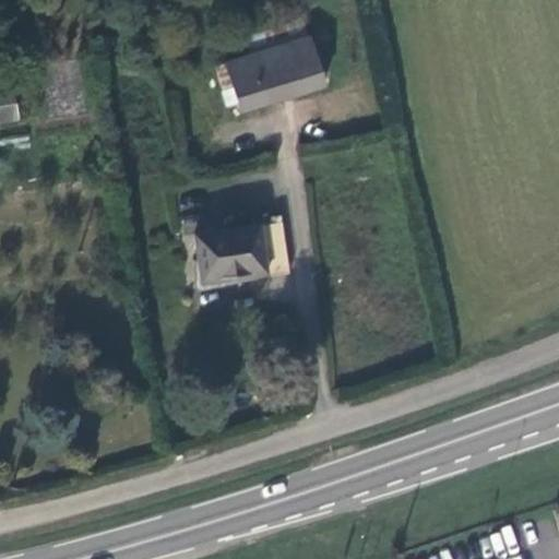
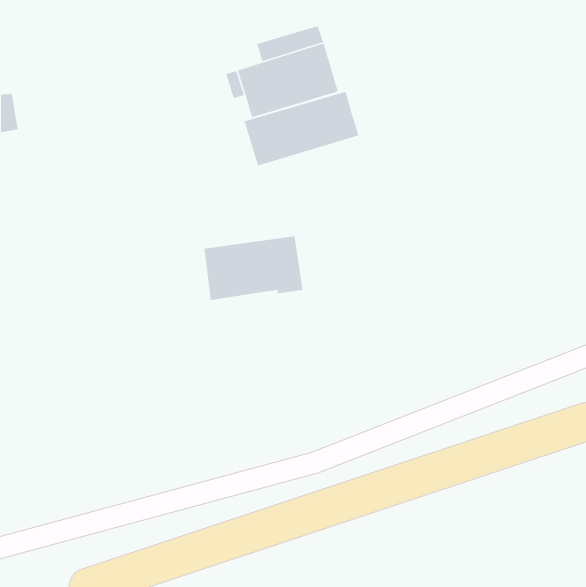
building: none -> [243,91,359,167]

